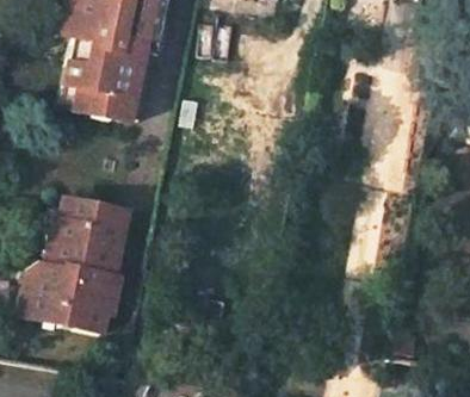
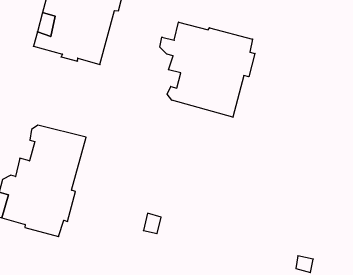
building: none -> [160,22,255,117]

